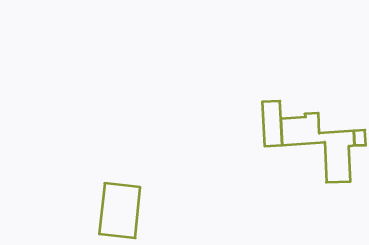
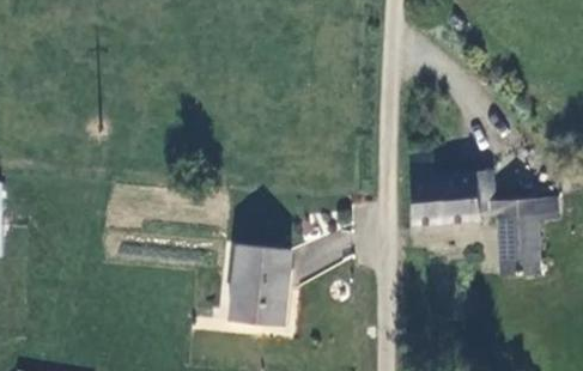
building: [99,183,140,238] -> [227,243,289,324]

